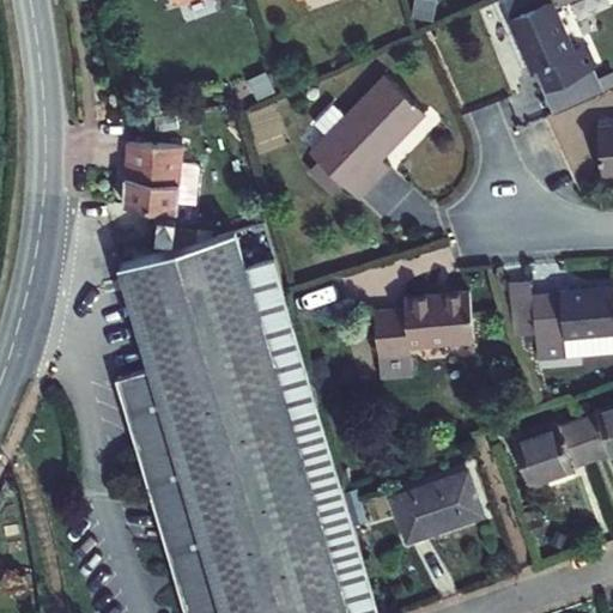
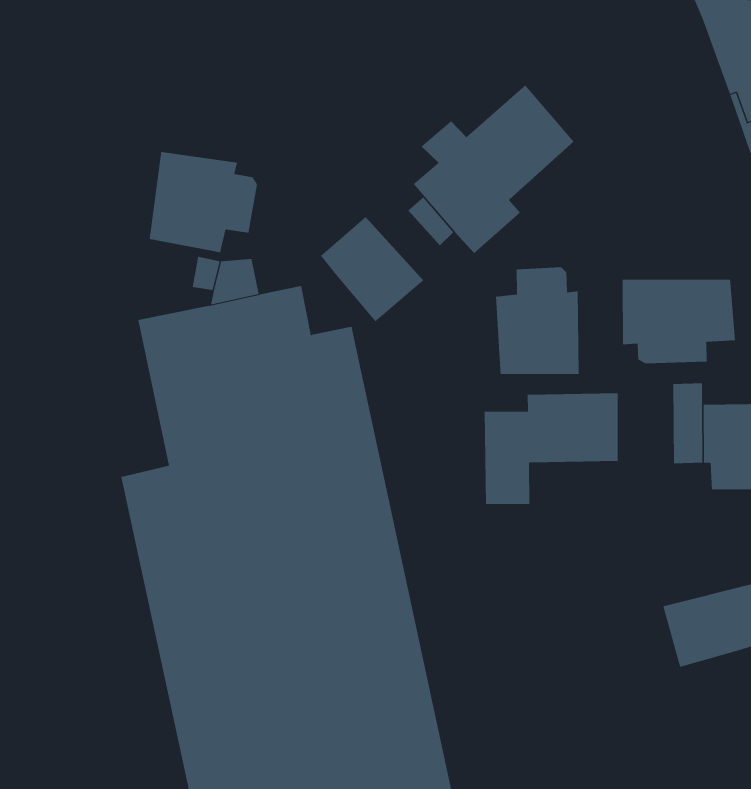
building: none -> [320,216,424,322]
building: none -> [622,279,736,364]
building: none -> [496,266,579,375]
building: [392,474,481,544] -> none

